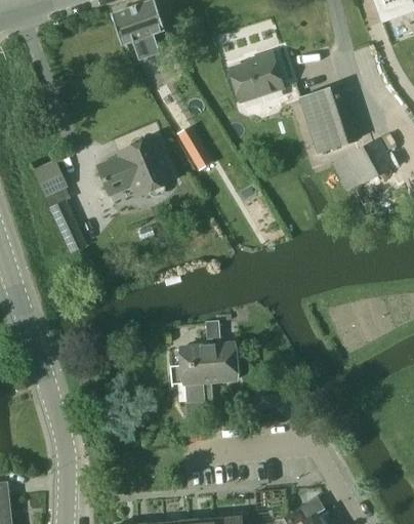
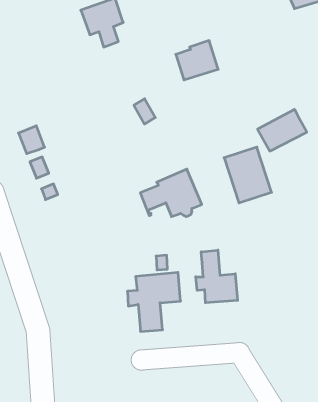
building: [299,84,359,154] -> [224,147,272,203]
building: [97,136,174,196] -> [140,169,202,217]
building: none -> [196,250,238,303]

